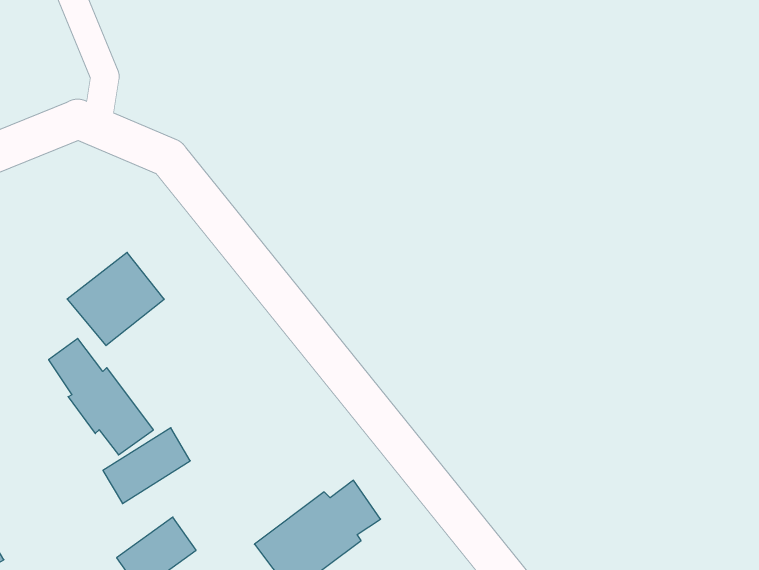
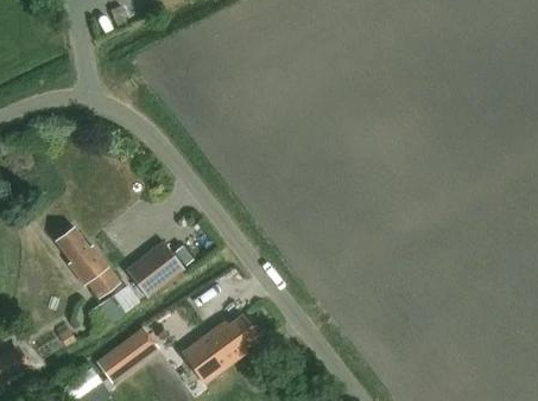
building: [67,252,164,346] -> [125,240,184,297]

